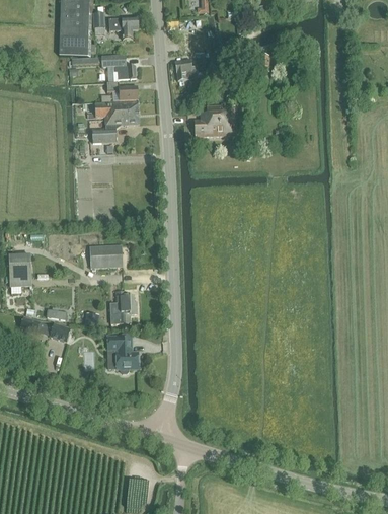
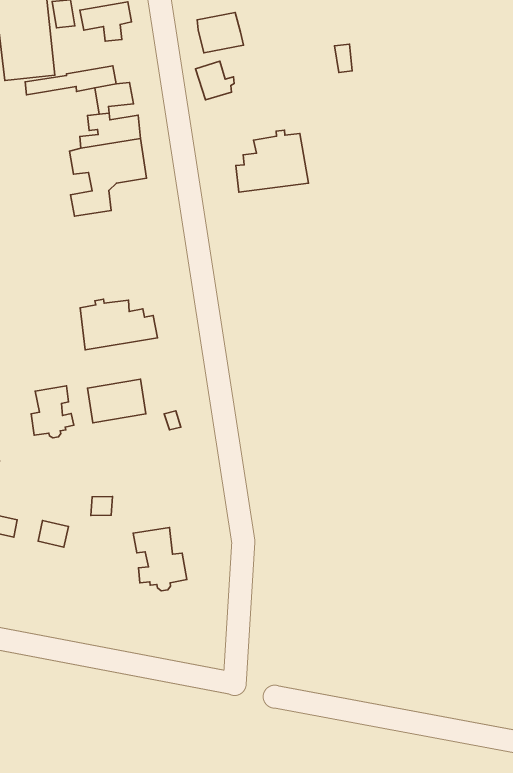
building: none -> [80,299,157,350]
building: none -> [31,386,74,438]
building: [110,290,137,323] -> none

